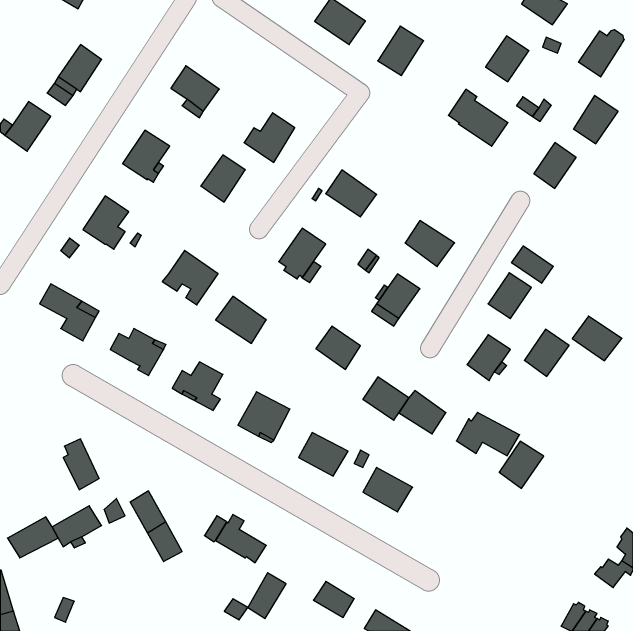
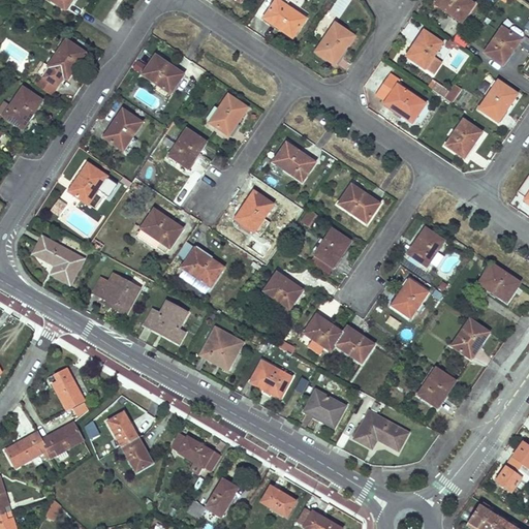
building: [512,246,553,283] -> none
building: [524,329,569,376] -> [450,318,488,357]
building: [456,412,520,456] -> [353,413,406,449]

